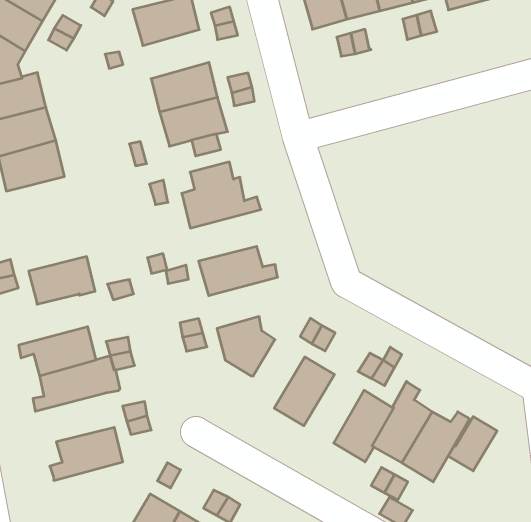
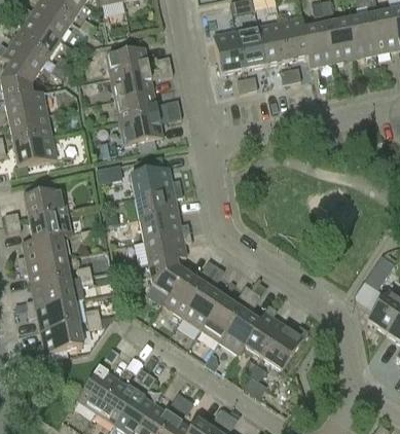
building: none -> [112,70,154,100]
building: none -> [136,188,183,219]
building: none -> [25,188,68,219]
building: none -> [145,232,192,263]
building: none -> [19,236,66,266]
building: none -> [163,273,205,317]
building: none -> [202,297,242,341]
building: none -> [29,300,79,330]
building: [448,417,497,471] -> none

